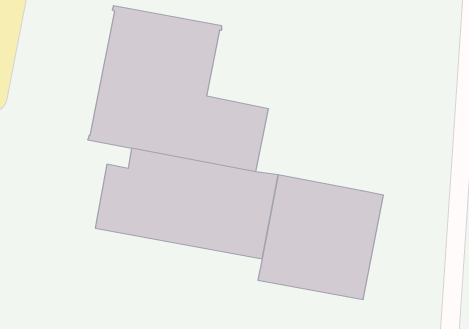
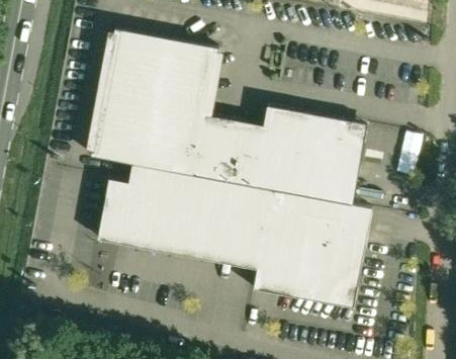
building: none -> [250,105,362,204]

